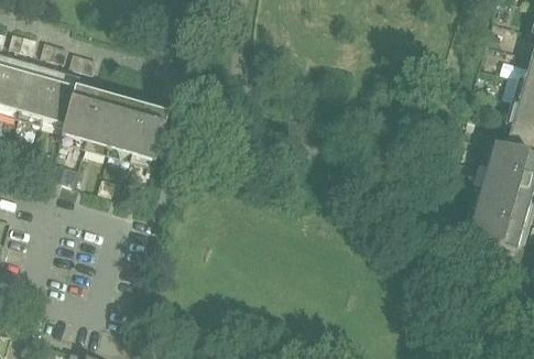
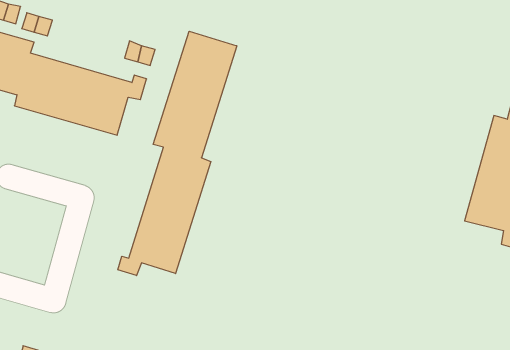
building: none -> [118,31,237,276]

